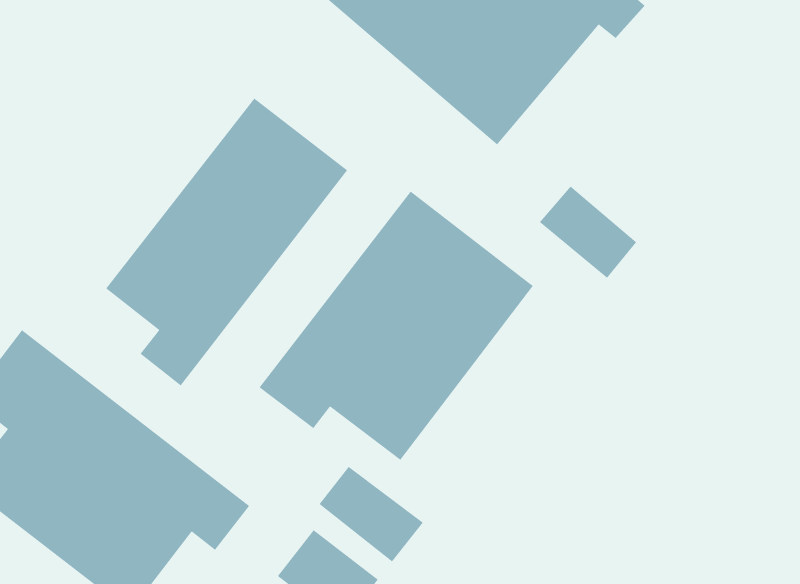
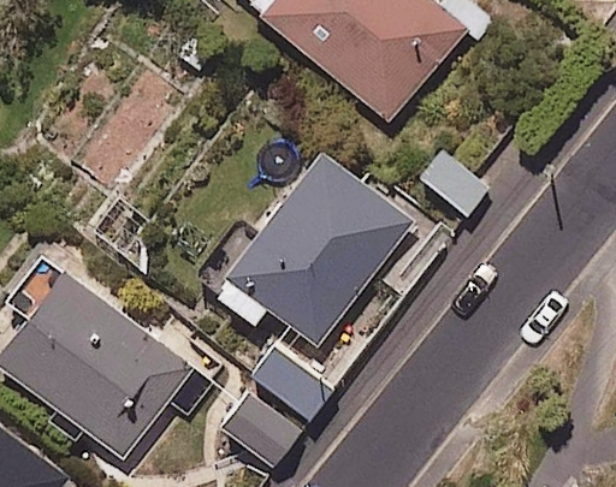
building: [105,97,348,387] -> none

